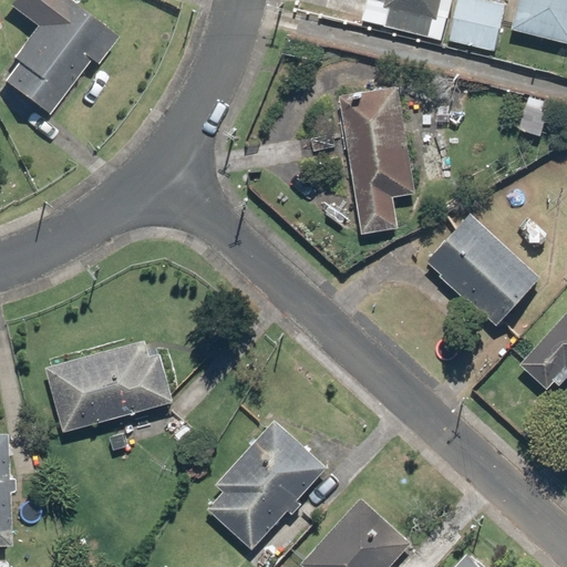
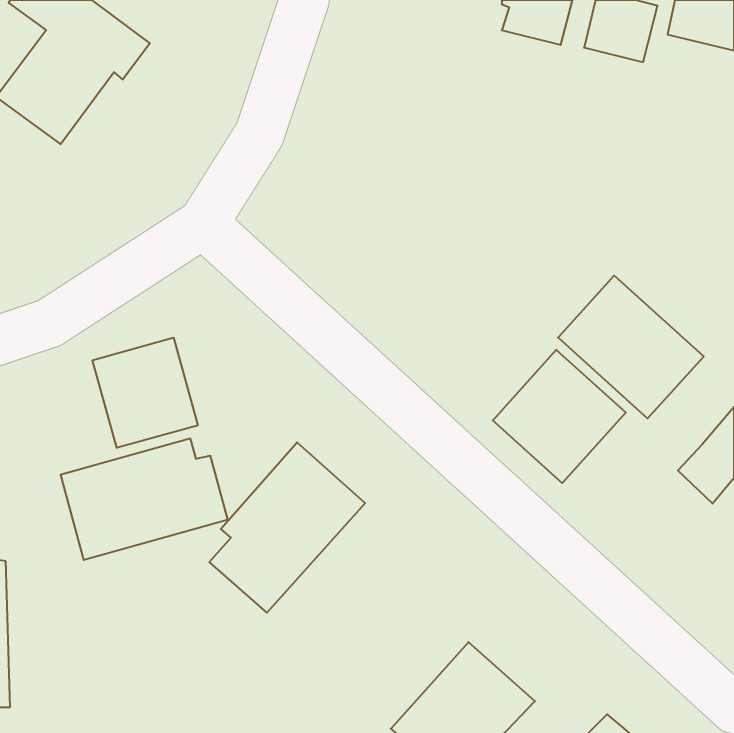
building: [340,86,416,234] -> none
building: none -> [93,338,198,448]
building: none -> [493,350,626,483]
building: [207,417,327,548] -> [209,442,365,613]

